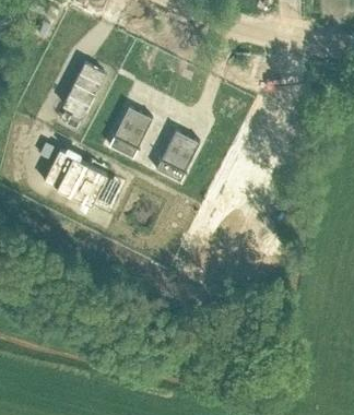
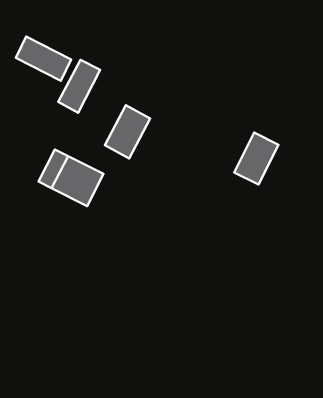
building: none -> [16,36,71,81]
building: [156,130,200,181] -> [234,133,279,185]

